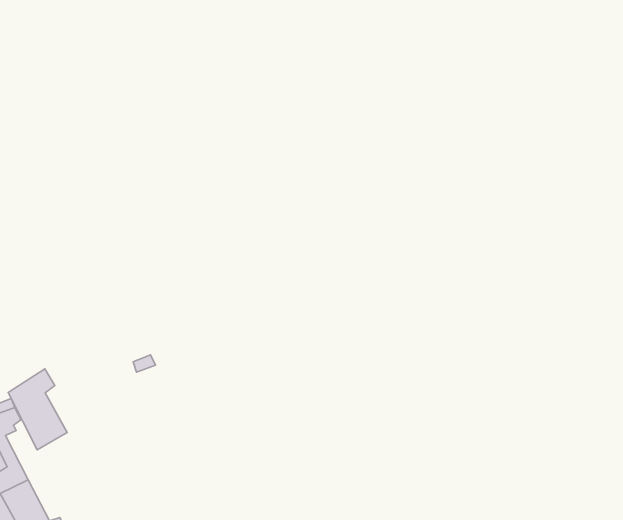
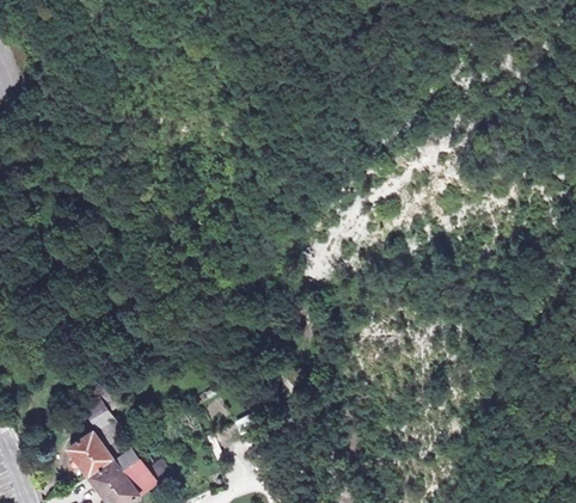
building: [8,369,67,450] -> none

